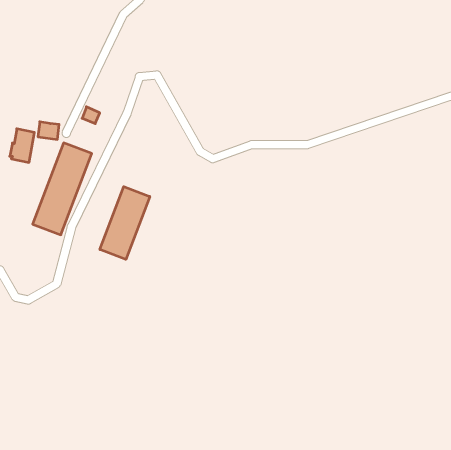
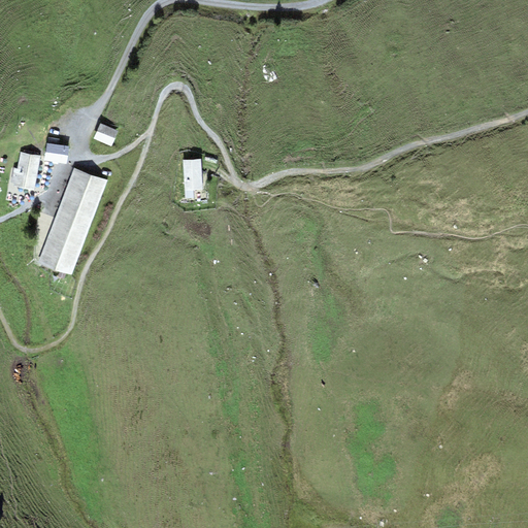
building: none -> [185,159,202,187]
building: [100,187,150,259] -> none

